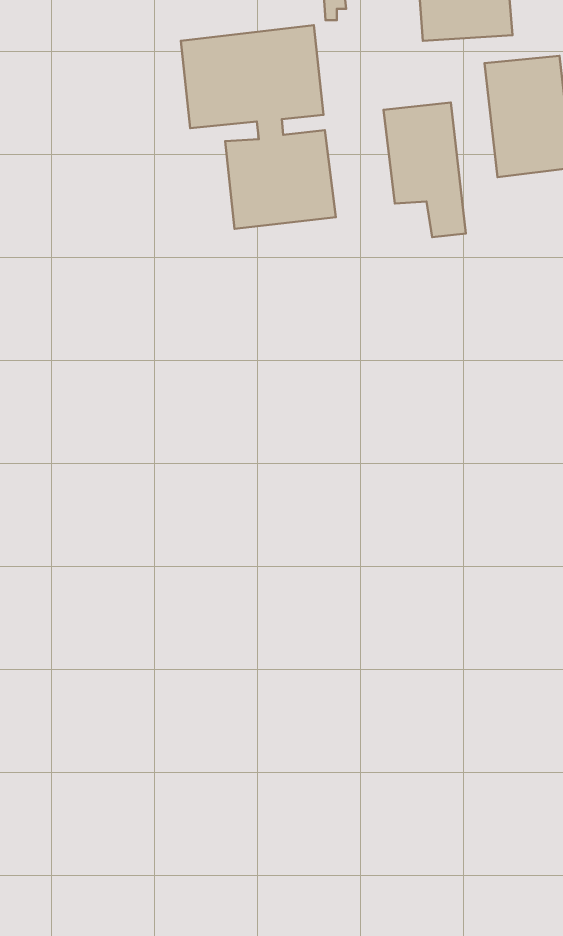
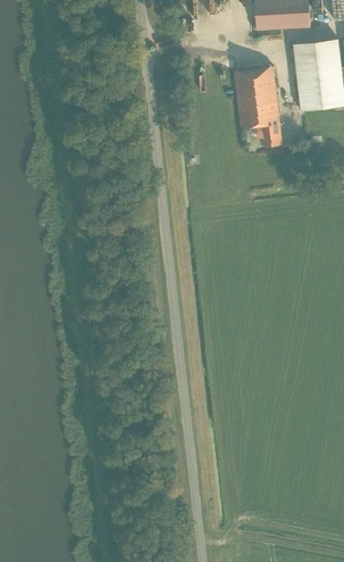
building: [181,25,336,229] -> none

